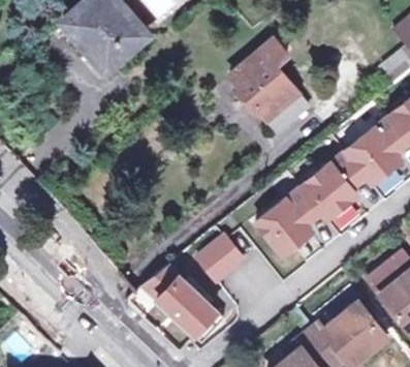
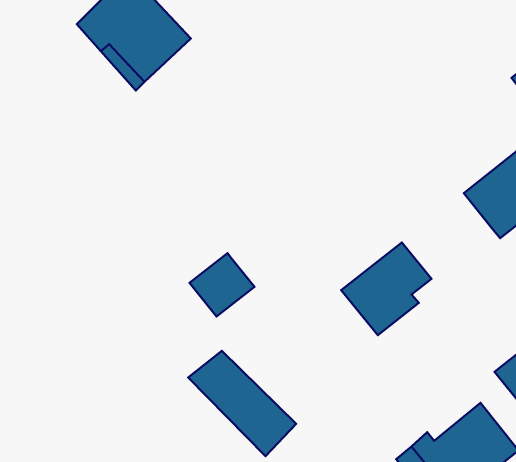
building: [228,37,307,130] -> none
building: [301,149,368,218] -> none
building: [196,234,244,280] -> [190,253,254,316]

